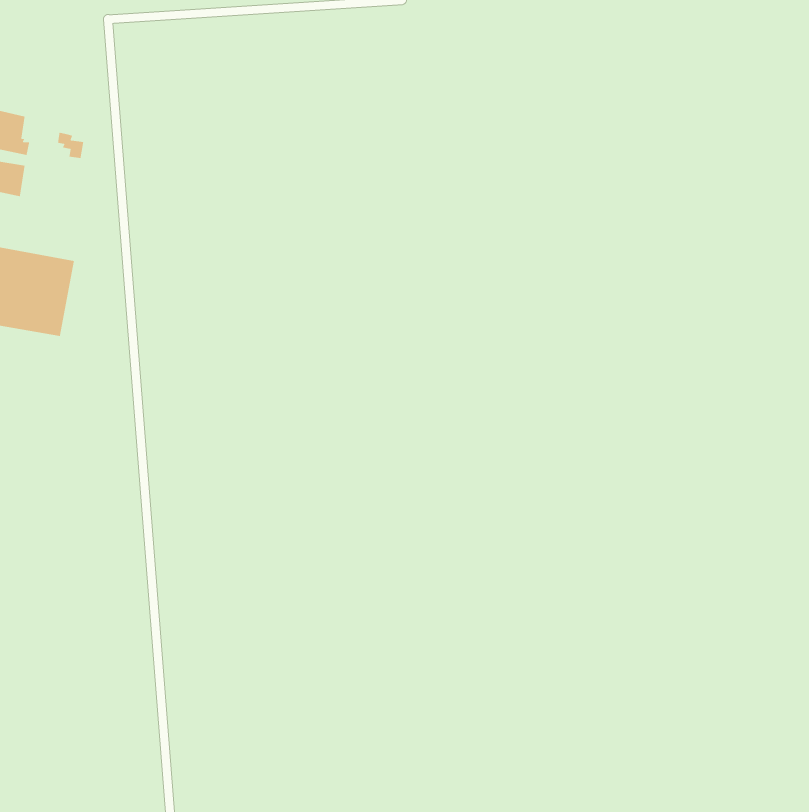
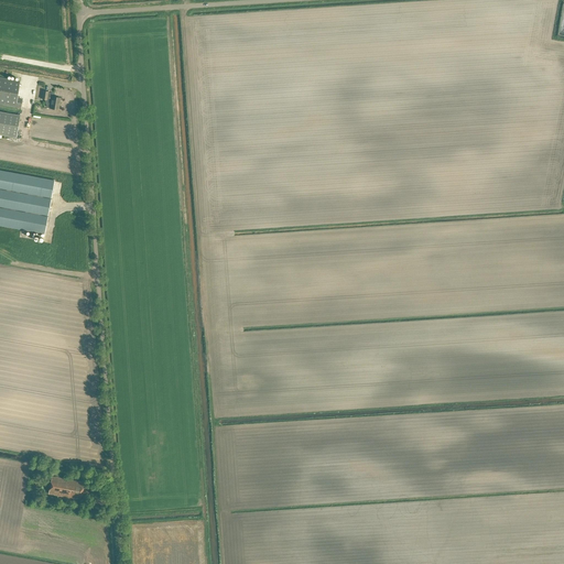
building: none -> [46,477,84,500]

